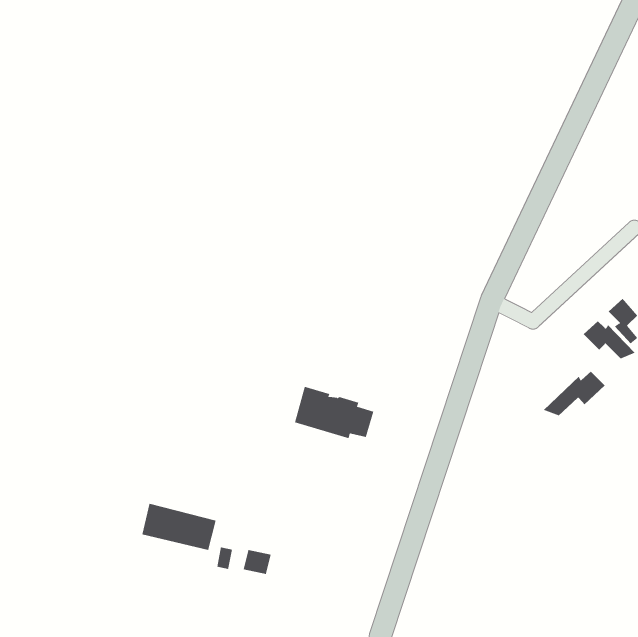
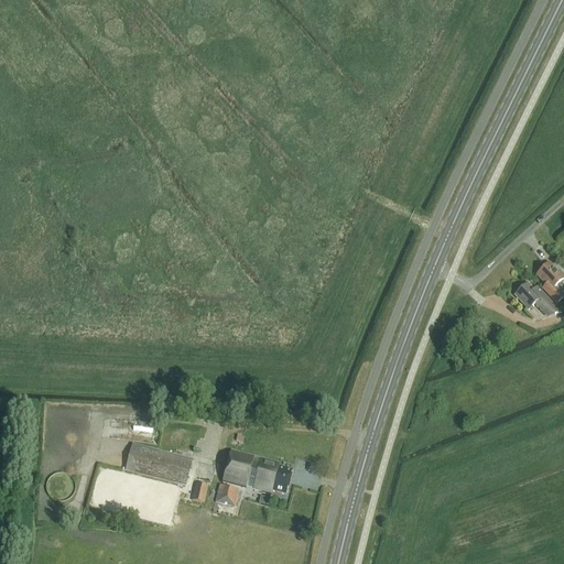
building: [543,371,606,416] -> none
building: [294,386,374,439] -> [221,448,292,495]

